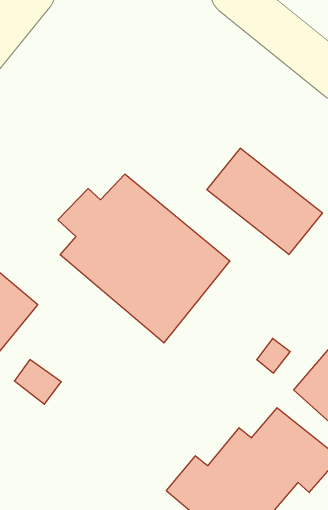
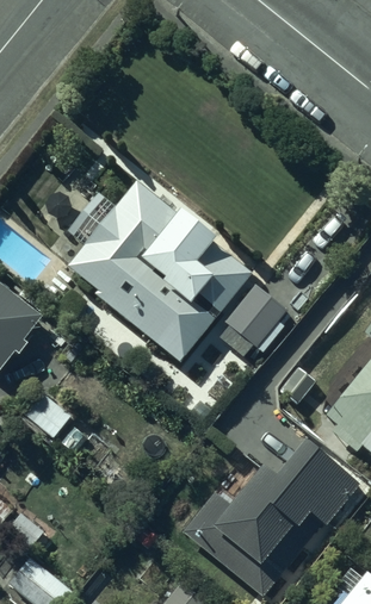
building: [207,148,322,255] -> none
building: none -> [221,279,286,347]

